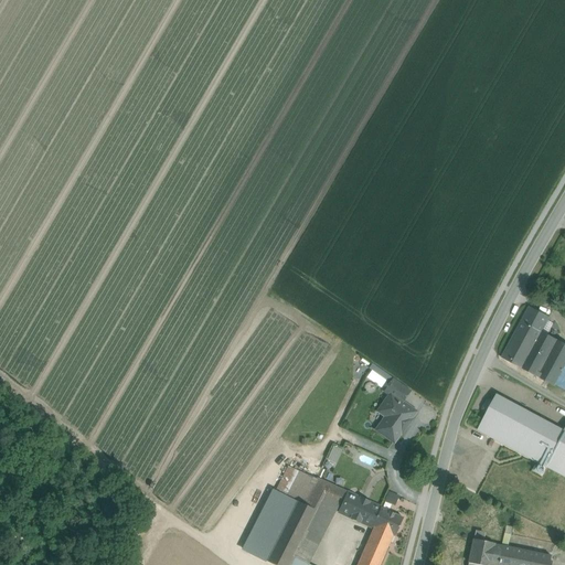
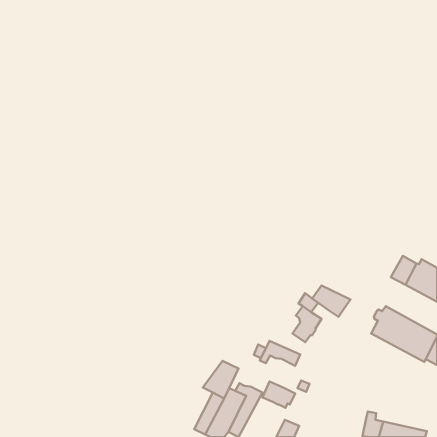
building: [520,309,548,341] -> none
building: none -> [312,286,350,317]
building: [296,476,348,508] -> [260,341,300,366]
building: [367,508,403,550] -> none

